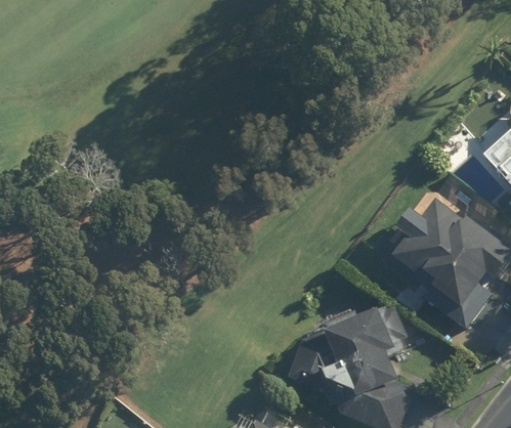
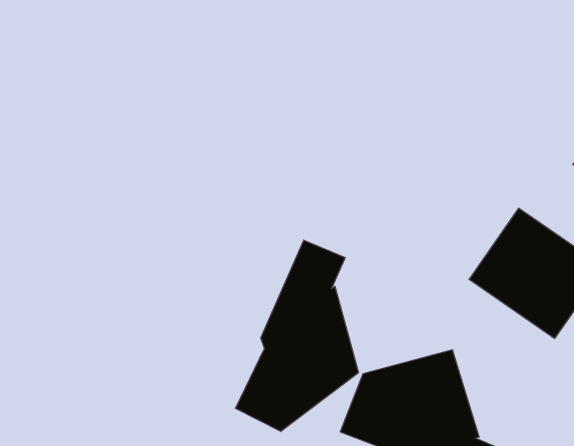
building: none -> [236,240,358,432]

